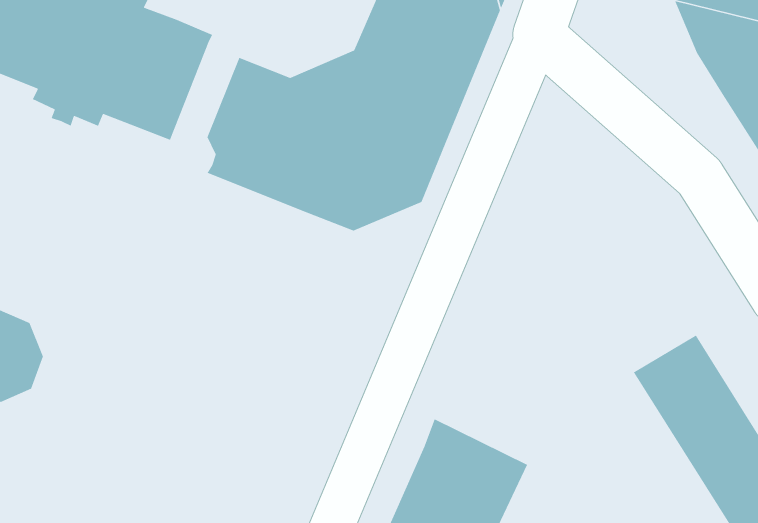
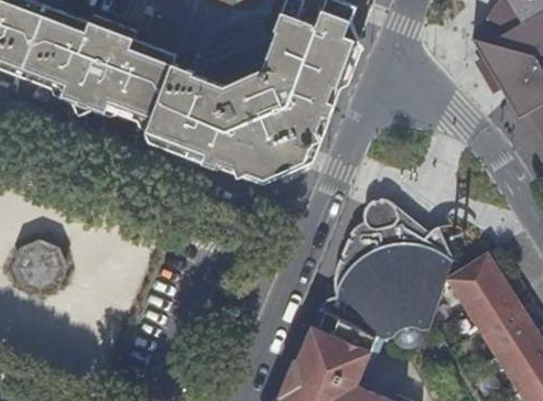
building: none -> [148,63,194,142]
building: none -> [318,200,452,346]

